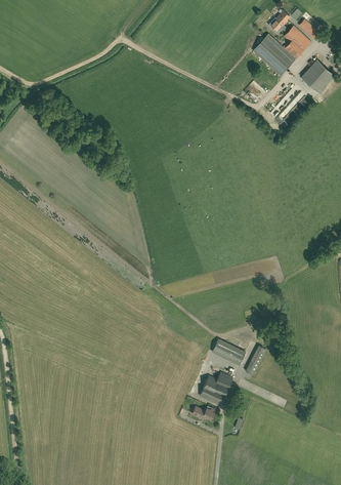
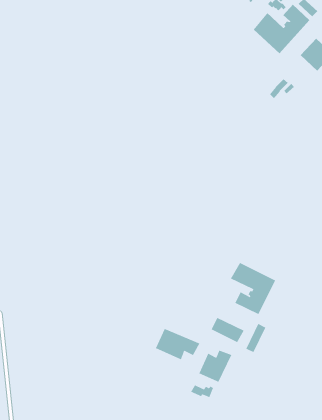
building: none -> [230,262,276,315]
building: none -> [155,328,200,360]

